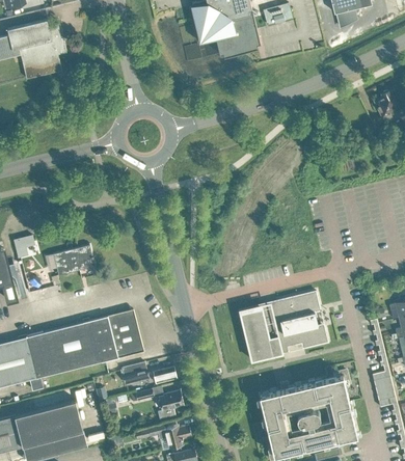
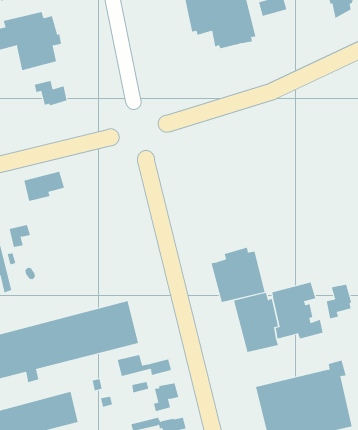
building: none -> [34,80,67,106]
building: [53,246,94,276] -> [23,171,65,201]
building: none -> [211,247,265,303]
building: none -> [326,284,352,319]

